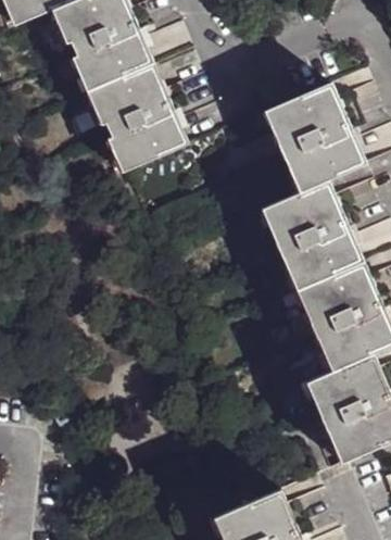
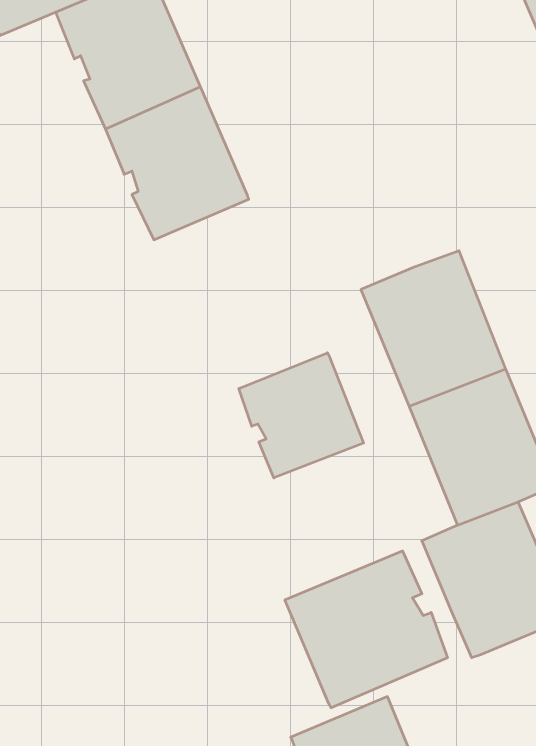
building: [264,83,368,191] -> none
building: none -> [239,353,364,478]
building: none -> [285,551,447,708]

